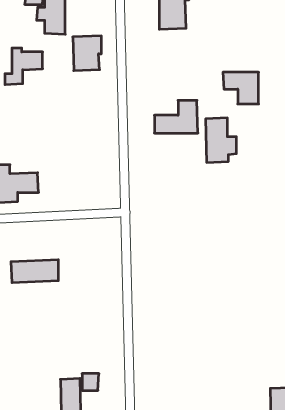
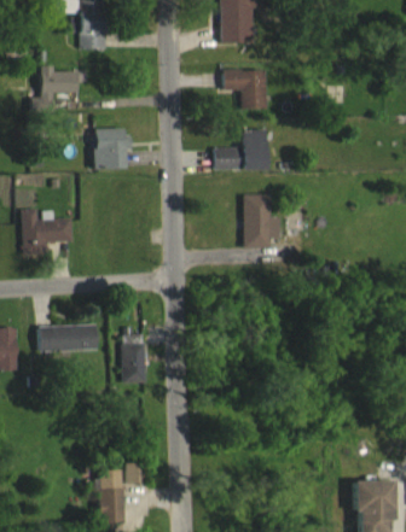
building: [73,36,101,71] -> [93,128,128,170]
building: [223,72,259,104] -> [222,70,266,109]
building: [206,118,236,162] -> [243,194,280,249]
building: none -> [123,334,147,384]

